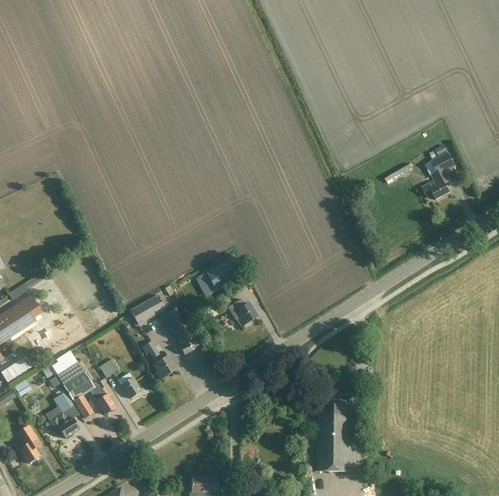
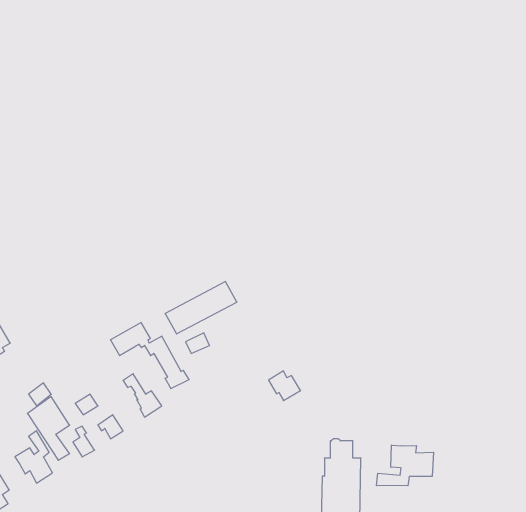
building: [421,152,456,199] -> none
building: [227,299,256,325] -> [269,371,301,401]
building: none -> [377,445,433,486]

